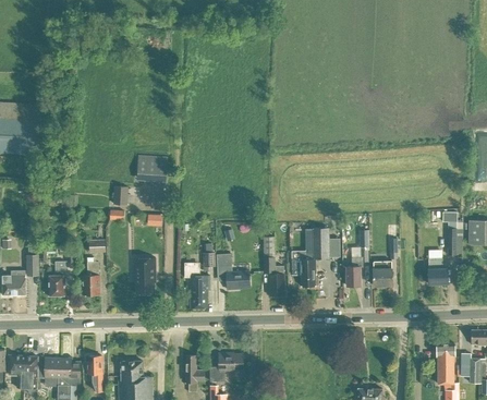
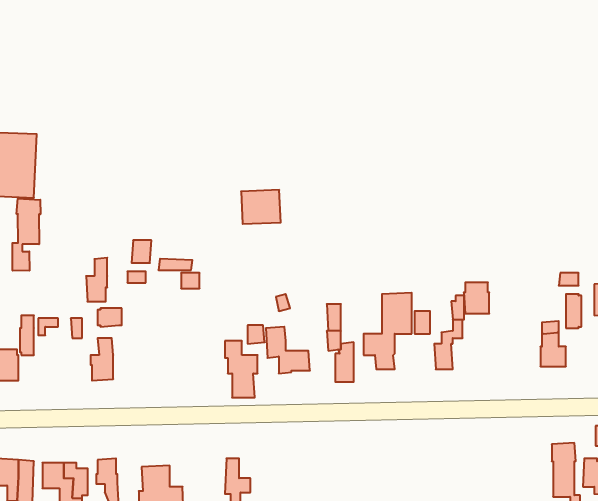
building: [141,153,171,179] -> [241,190,281,224]
building: none -> [12,198,40,271]
building: [133,257,155,293] -> none
building: [48,260,64,294] -> [86,258,107,302]
building: [372,260,391,284] -> [464,282,489,314]
building: [209,352,243,380] -> none

